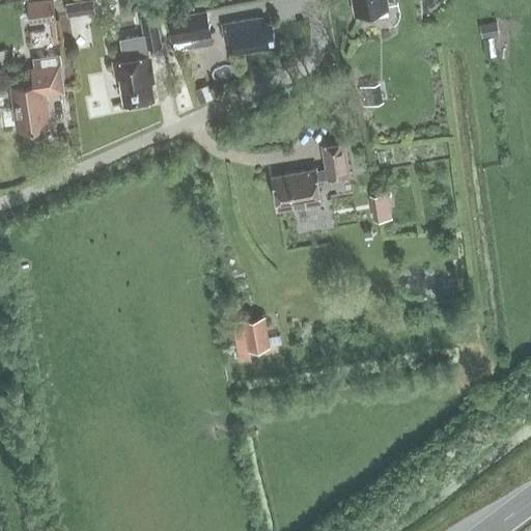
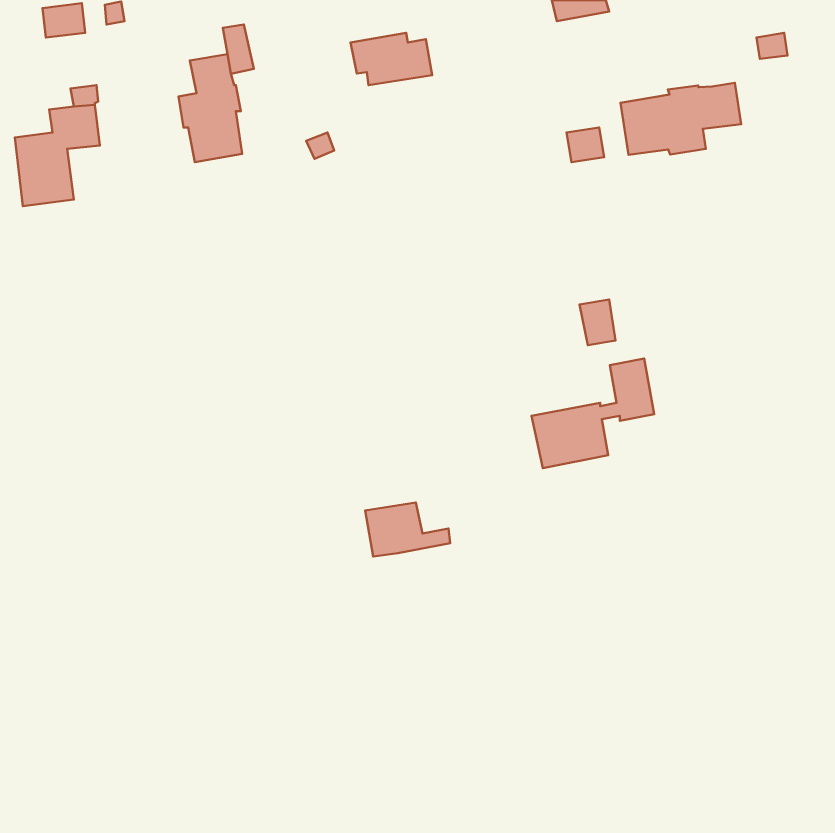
building: [170,13,212,44] -> none
building: none -> [621,83,741,155]
building: [272,142,350,212] -> [531,359,654,468]

